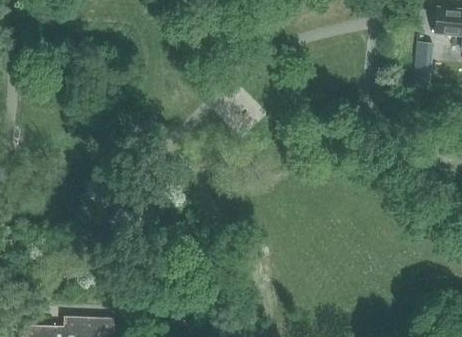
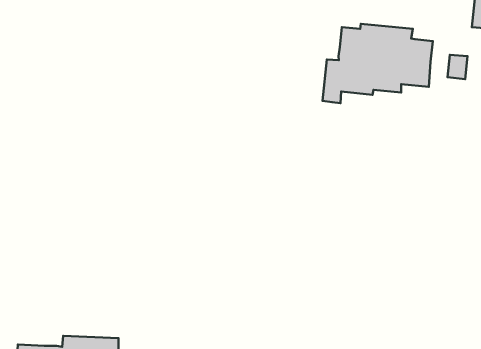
building: none -> [323,24,433,103]

